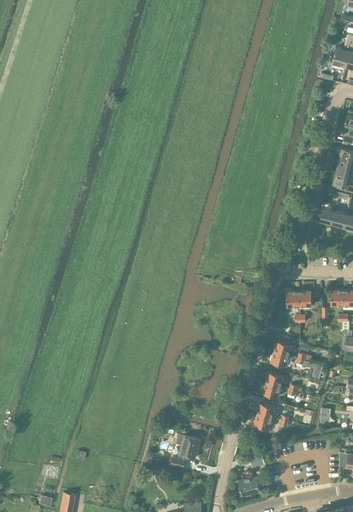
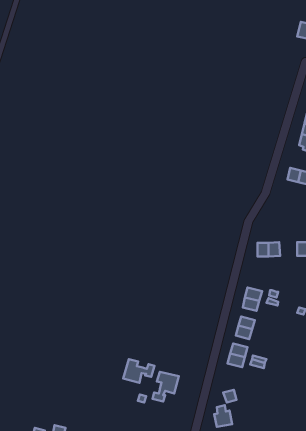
building: none -> [123,359,154,383]

